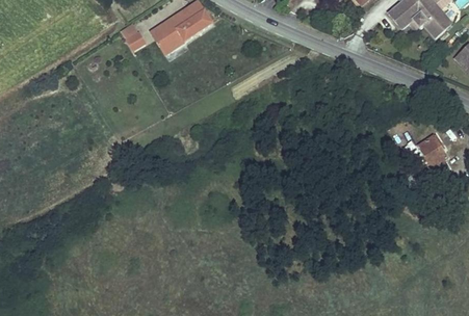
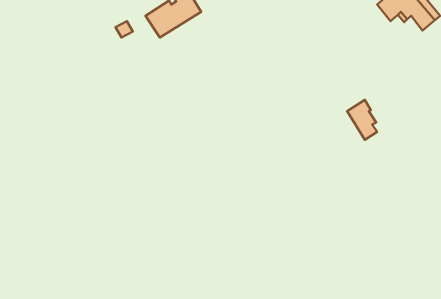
building: [417,132,447,173] -> [347,100,377,140]

